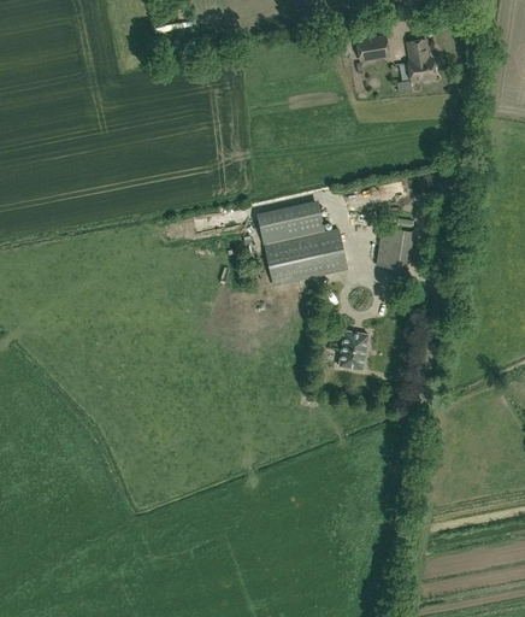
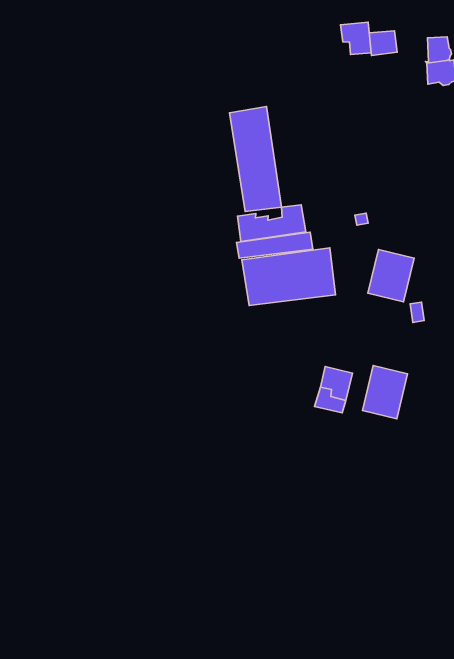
building: none -> [341,22,371,54]
building: none -> [230,107,281,212]
building: none -> [362,365,408,419]

